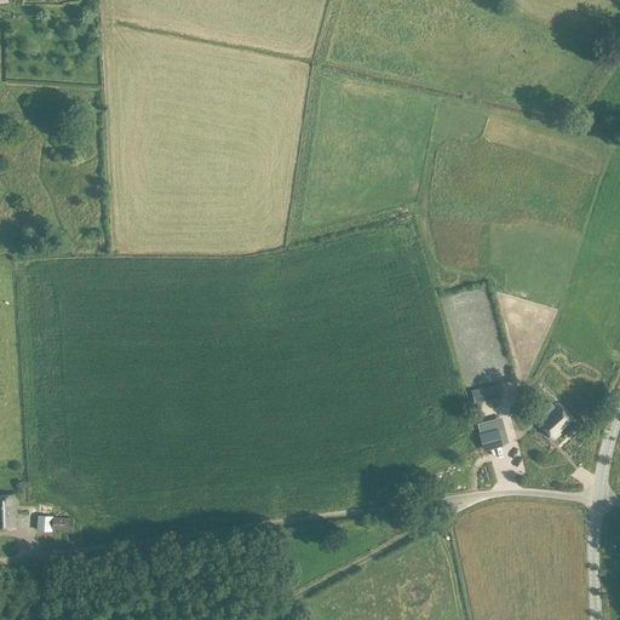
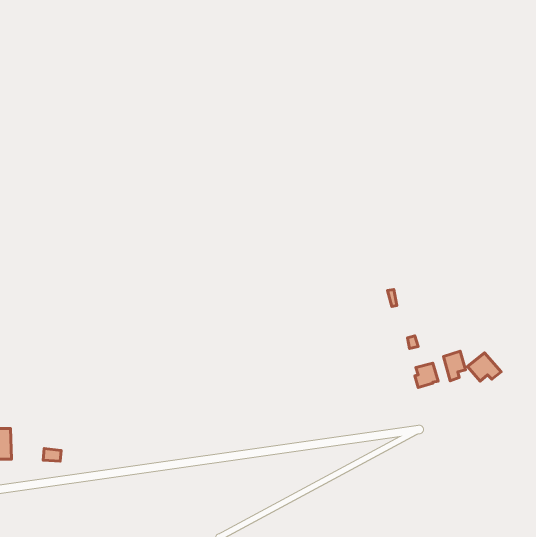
building: none -> [443,351,465,381]

